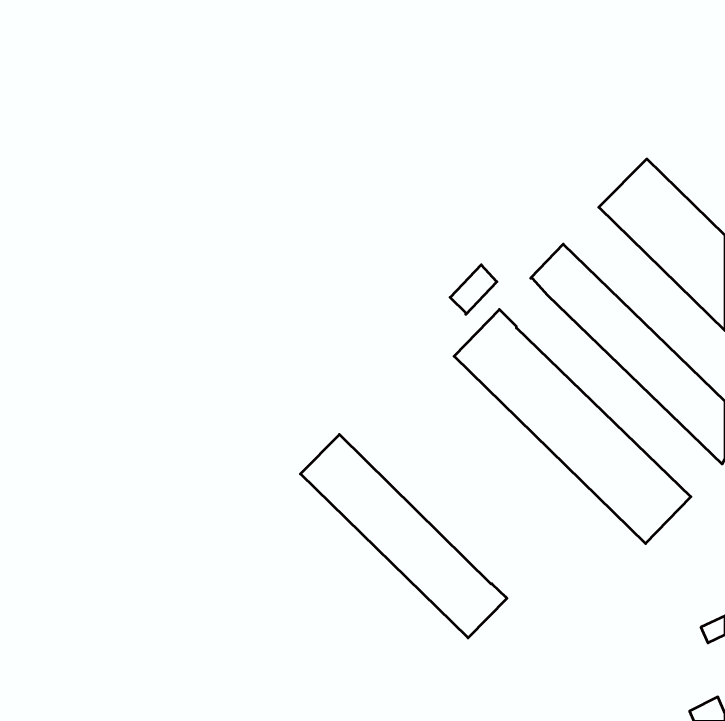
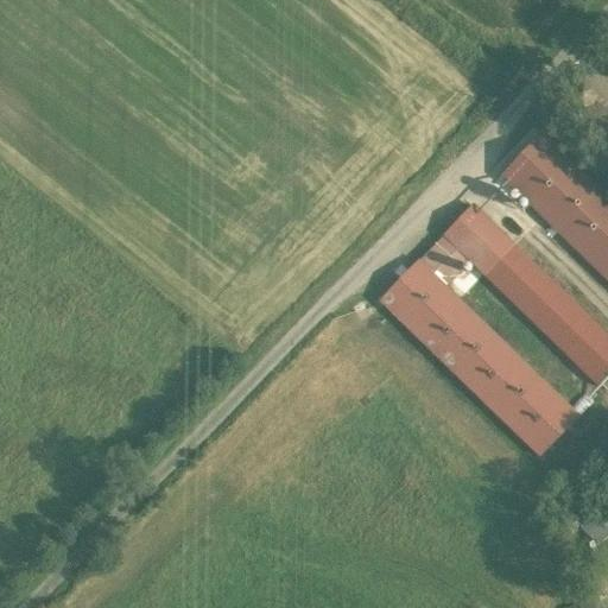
building: [450,265,497,314] -> [419,233,458,274]
building: [300,434,507,638] -> none

